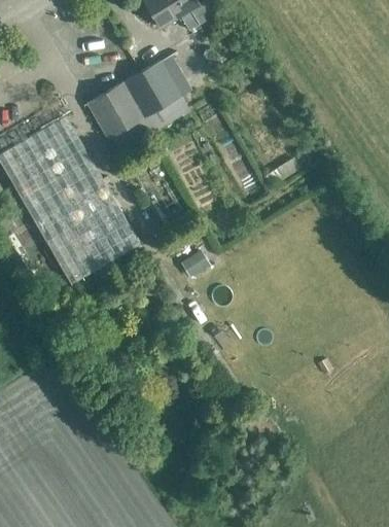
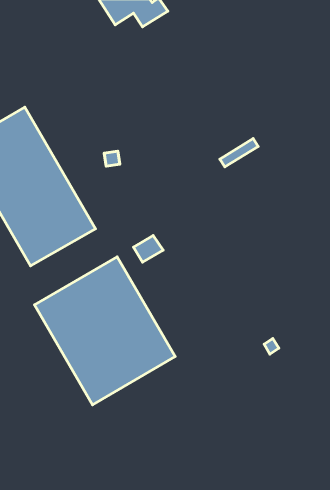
building: [86,54,185,139] -> none
building: none -> [34,257,175,405]

